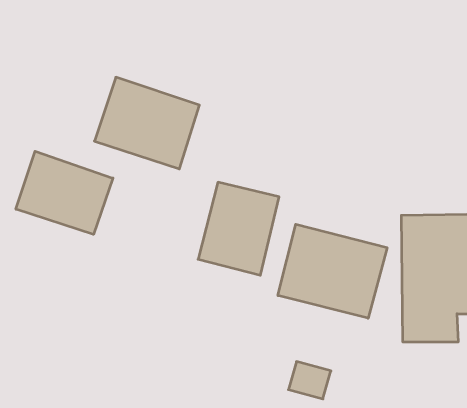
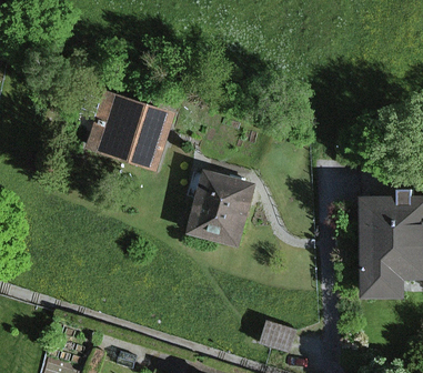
building: [16,151,113,234] -> none
building: [278,224,387,318] -> none

